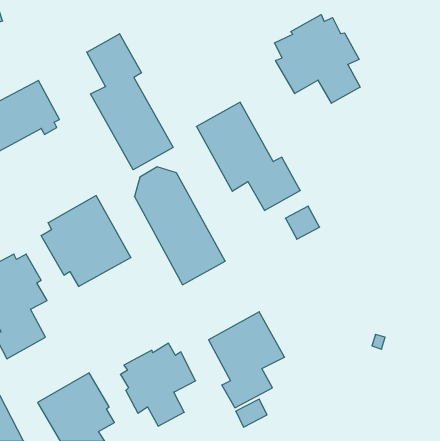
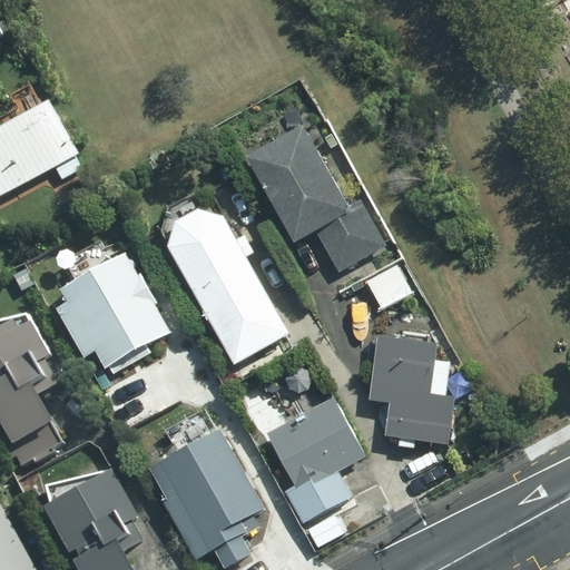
building: [274,15,360,103] -> none
building: [87,34,173,170] -> none
building: none -> [368,336,454,443]

